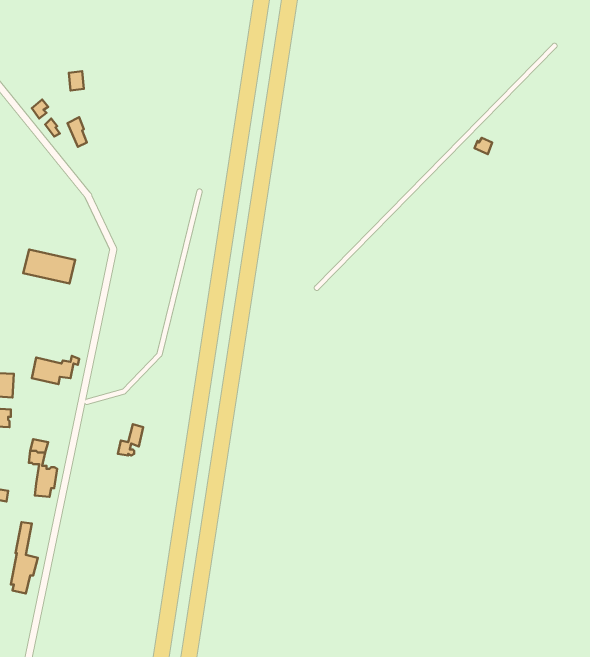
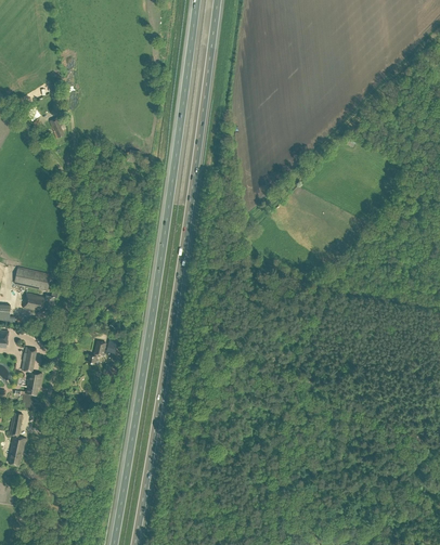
building: [23,249,75,284] -> [14,267,52,291]

